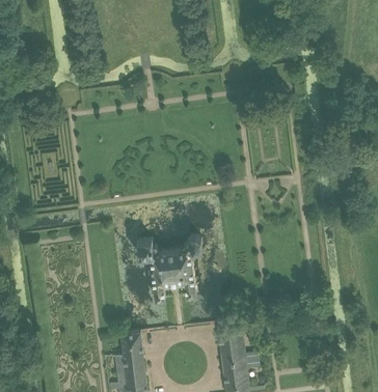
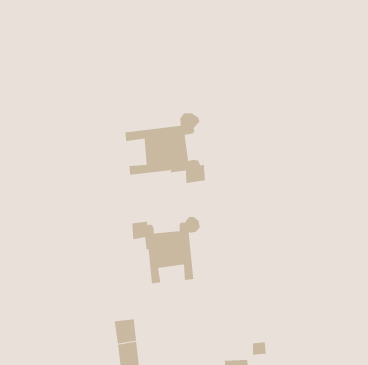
building: none -> [125,112,206,184]
building: [217,319,246,371] -> none

